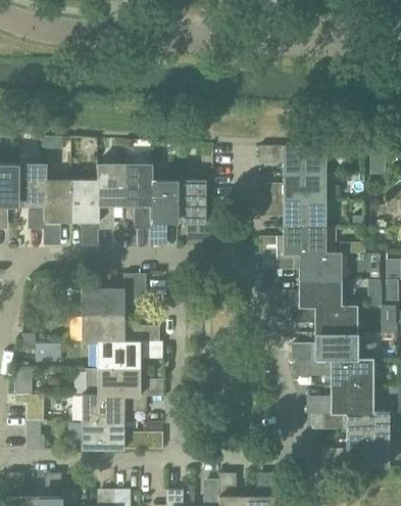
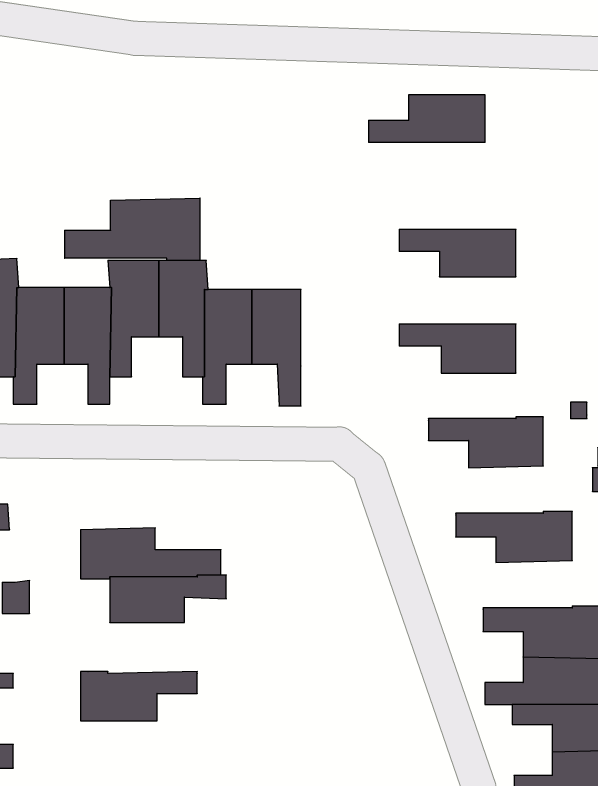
building: none -> [65,198,200,260]
building: [259,173,324,199] -> [369,95,485,142]
building: [259,227,324,254] -> none
building: [81,274,146,315] -> none
building: [275,279,340,307] -> none
building: [291,332,356,360] -> none
building: [85,367,162,396] -> none
building: [81,422,162,450] -> none

